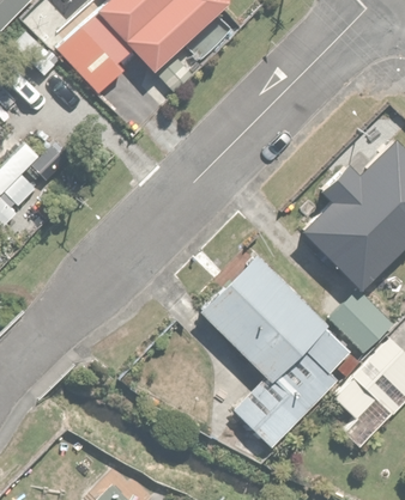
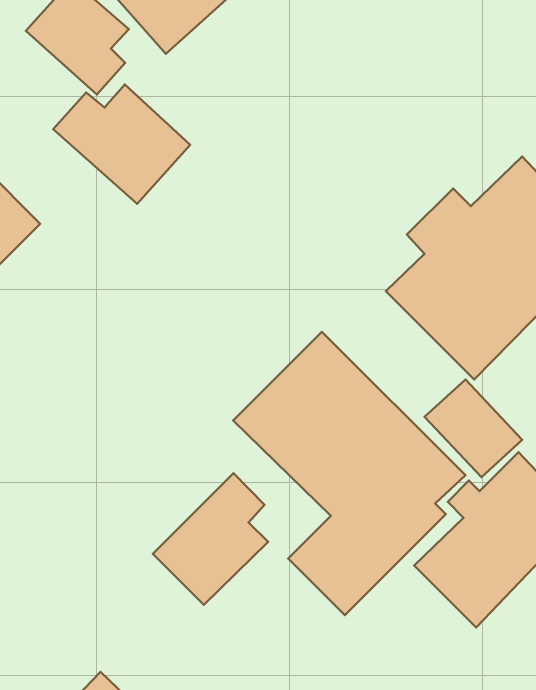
building: none -> [53,85,190,204]
building: none -> [153,473,268,605]

